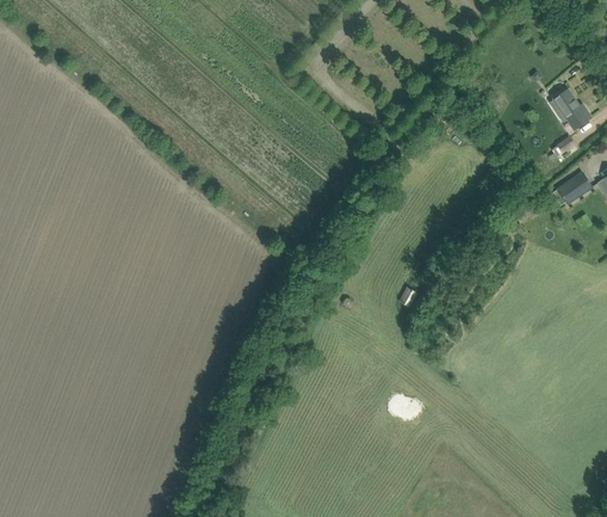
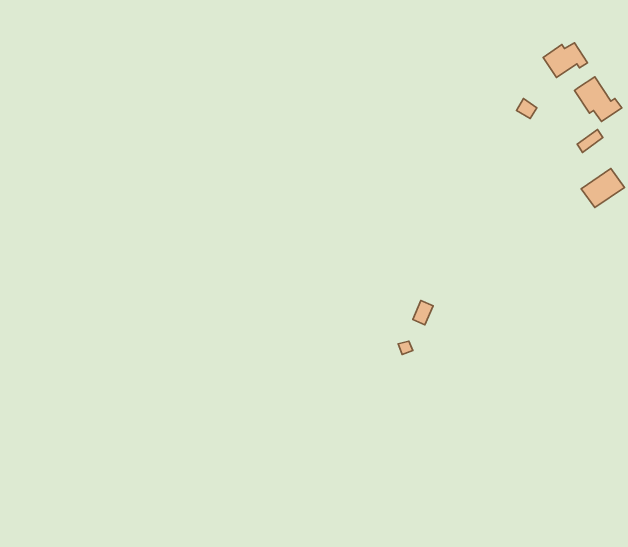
building: none -> [543,43,588,78]

